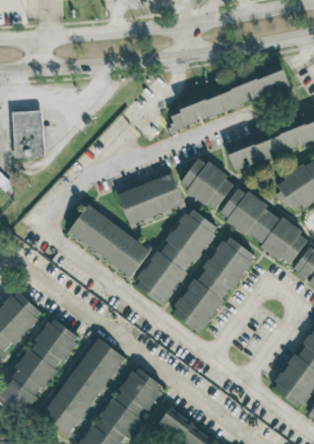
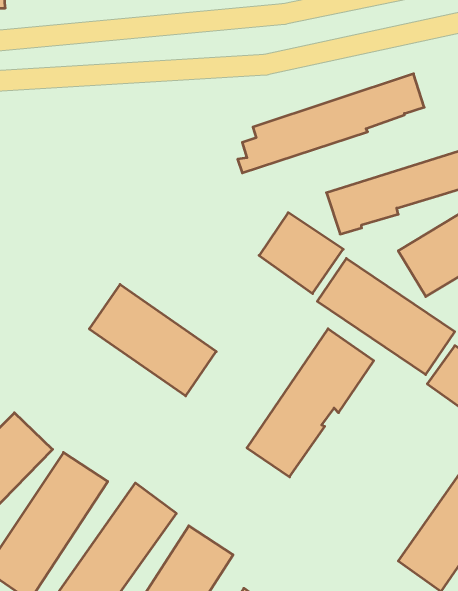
building: [11,110,44,158] -> none
building: [117,173,184,225] -> none
building: [134,207,217,306] -> none

